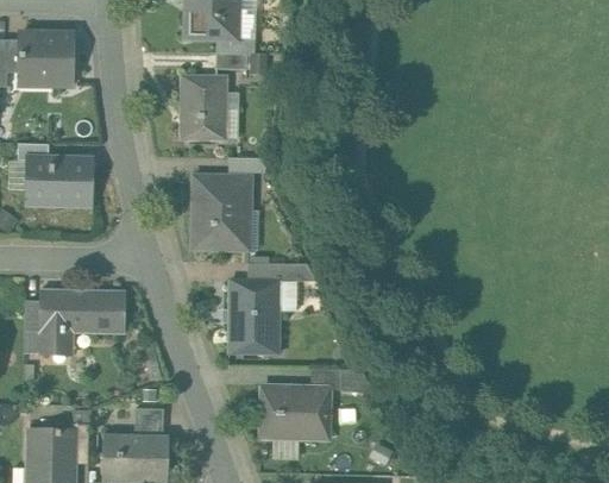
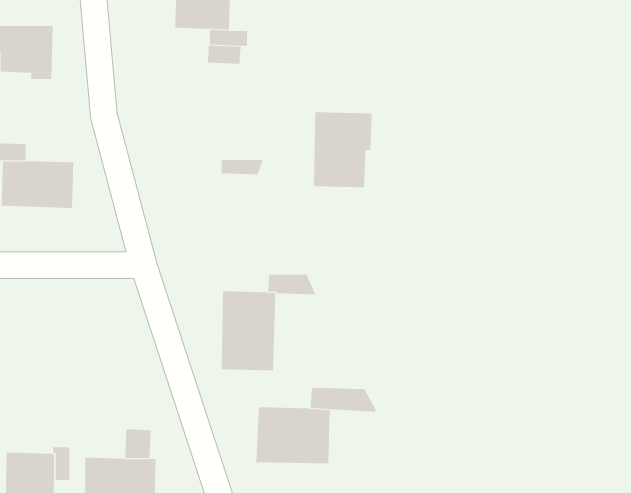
building: [182,77,225,138] -> none
building: [194,177,249,247] -> [313,112,372,188]
building: [39,290,124,355] -> none

